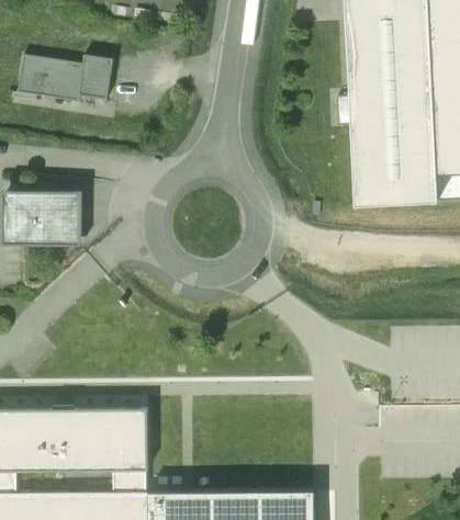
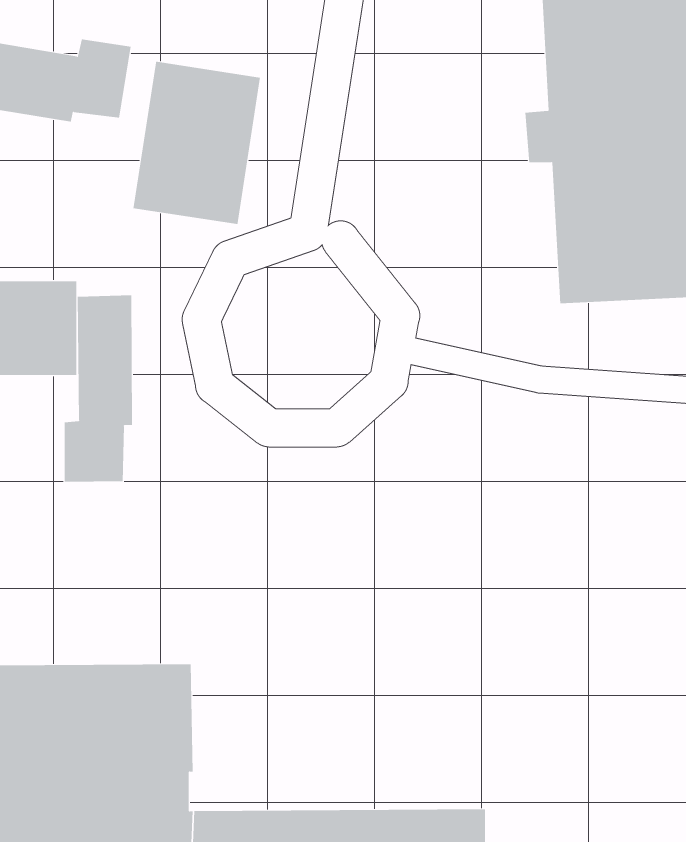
building: none -> [133,61,261,225]
building: none -> [64,294,132,483]

